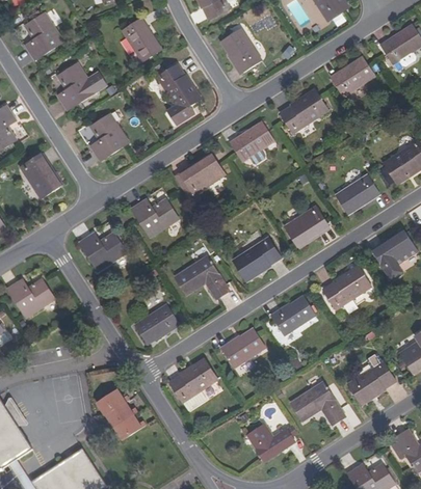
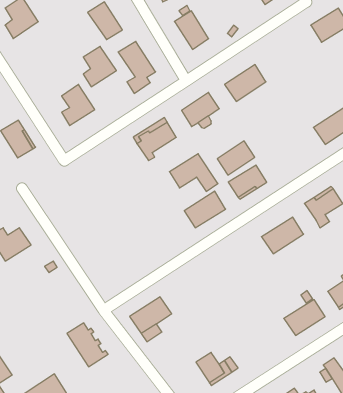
building: [330,57,374,97] -> none
building: [57,62,96,109] -> [83,46,116,87]
building: [336,174,379,214] -> [217,141,255,175]
building: [131,199,179,238] -> none
building: [79,233,127,271] -> none
building: [175,255,231,299] -> [169,154,218,191]
building: [271,296,315,335] -> none
building: [135,304,180,344] -> none
building: [221,328,266,368] -> none
building: [291,382,345,425] -> none

